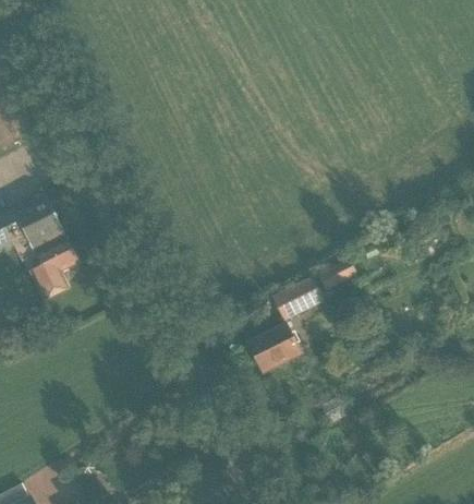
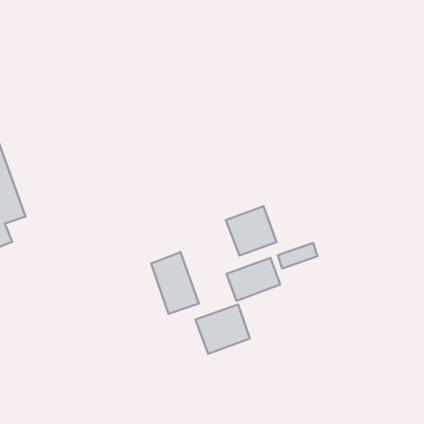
building: none -> [226,206,277,255]
building: none -> [151,252,199,314]

